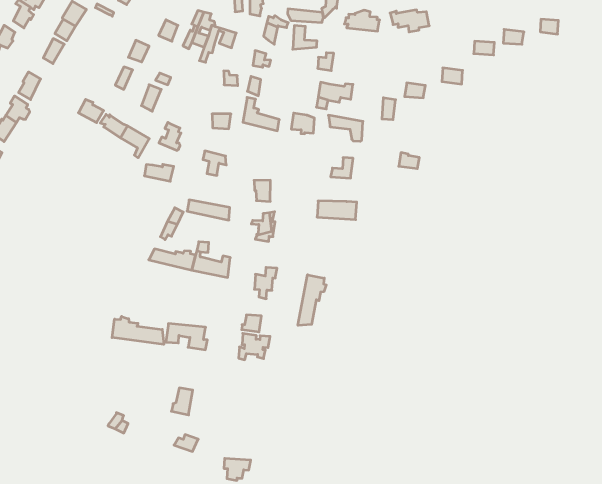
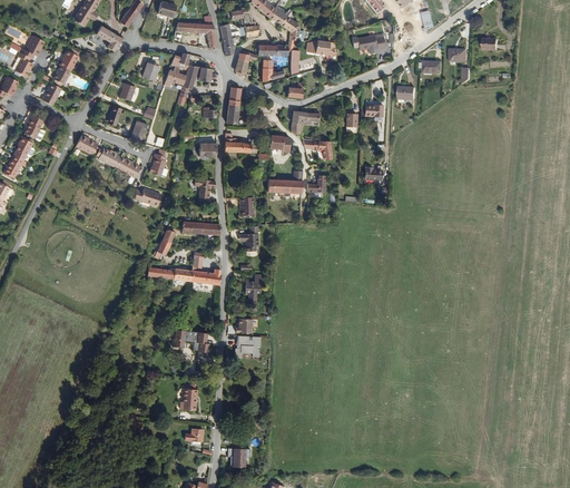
building: [317,201,357,220] -> [266,175,301,191]
building: [298,275,326,325] -> none
building: [112,316,164,344] -> none

